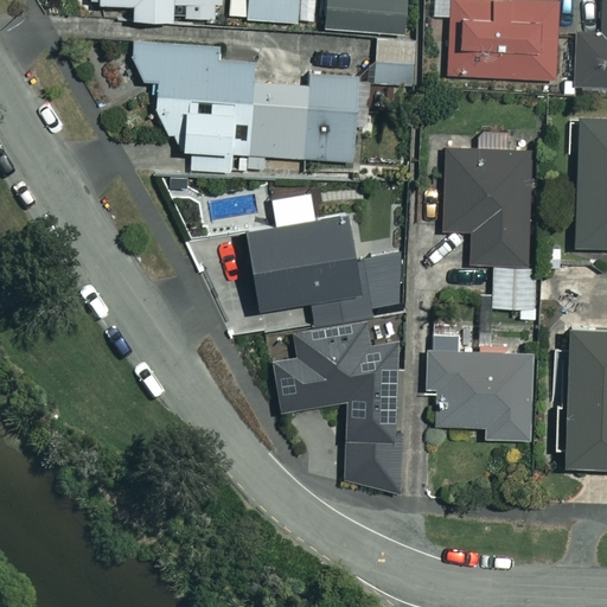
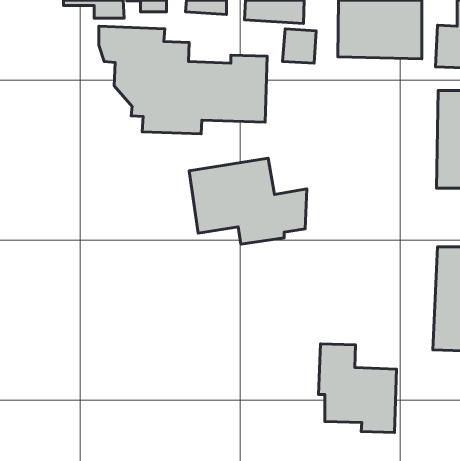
building: [441,149,533,308] -> none
building: [277,317,408,492] -> none
building: [427,322,529,439] -> [319,344,396,432]

